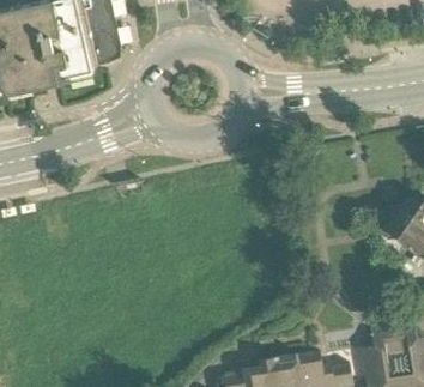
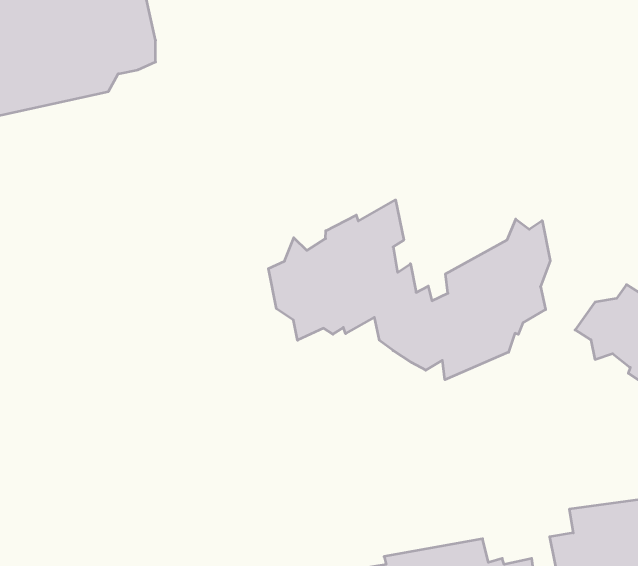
building: none -> [268,200,550,380]

